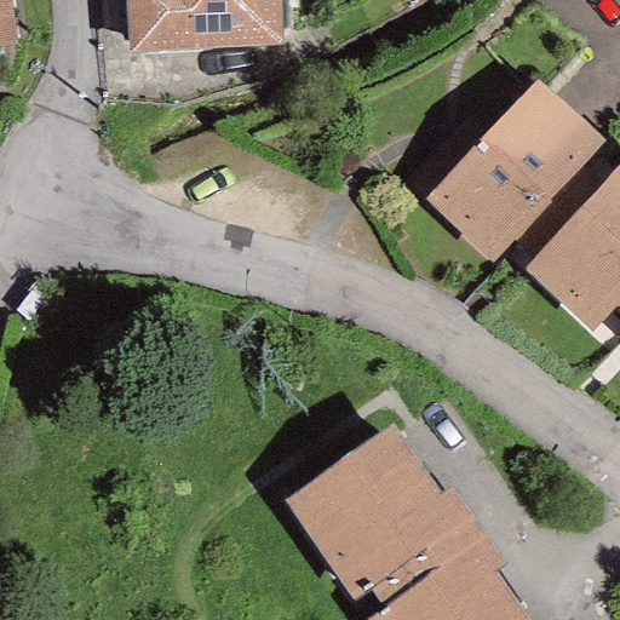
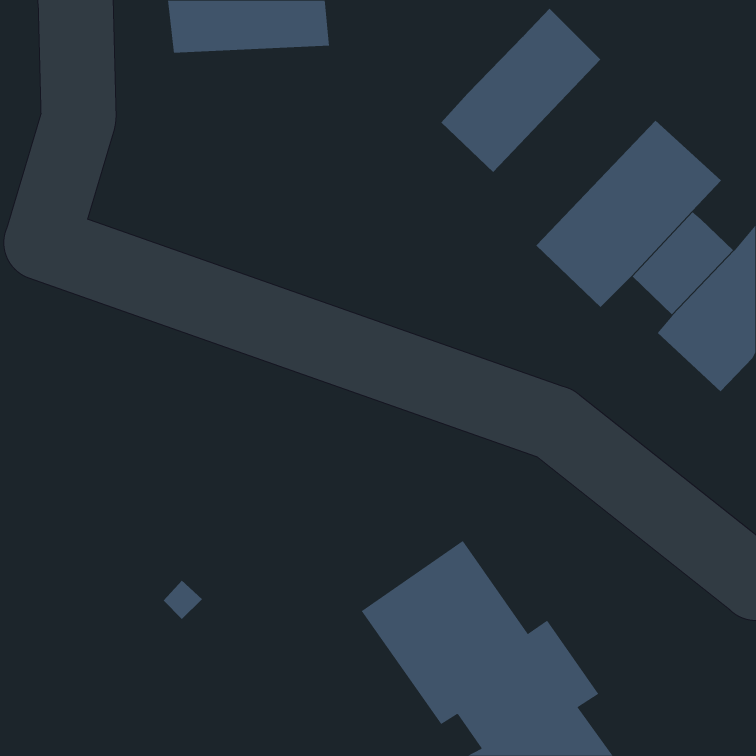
building: none -> [440,8,601,173]

